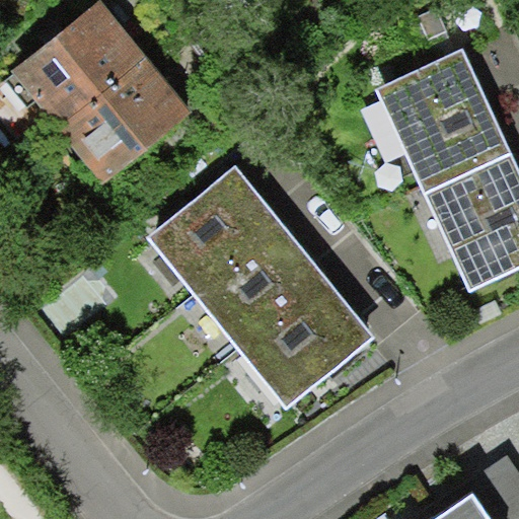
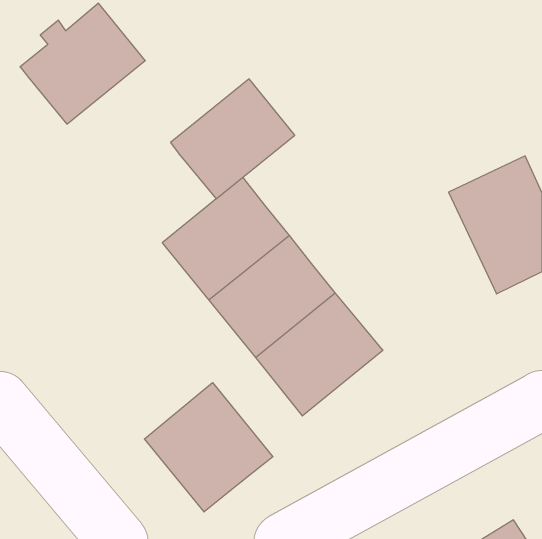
building: [384,56,502,187] -> none
building: [64,61,182,175] -> [171,79,295,199]
building: none -> [144,383,273,512]

